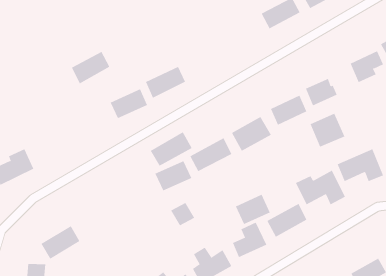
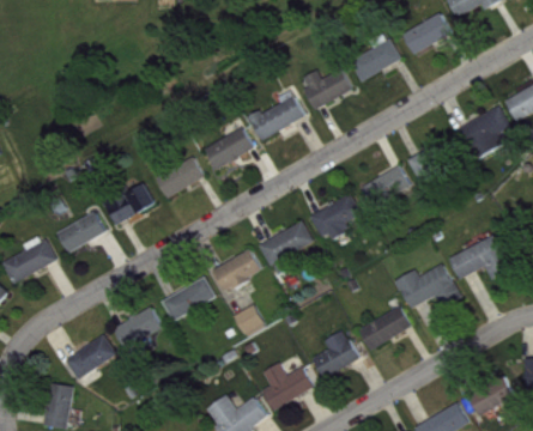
building: none -> [297,67,351,109]
building: none -> [248,89,304,139]
building: [71,51,110,84] -> [104,182,155,225]
building: [310,113,345,147] -> none
building: none -> [56,212,105,251]
building: [150,131,192,167] -> [160,275,216,321]
building: [235,194,271,225] -> none
building: none -> [113,306,162,347]

